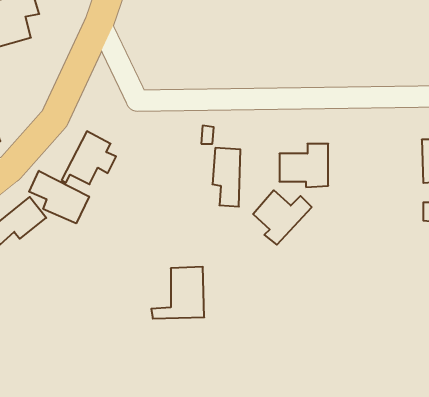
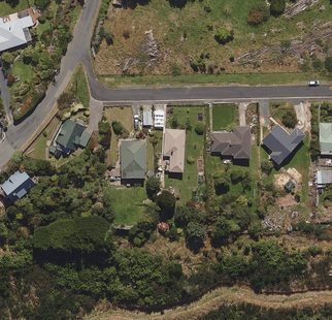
building: [29,171,89,223] -> none
building: [253,190,312,245] -> [260,121,303,161]
building: [151,267,204,319] -> [106,138,145,177]

